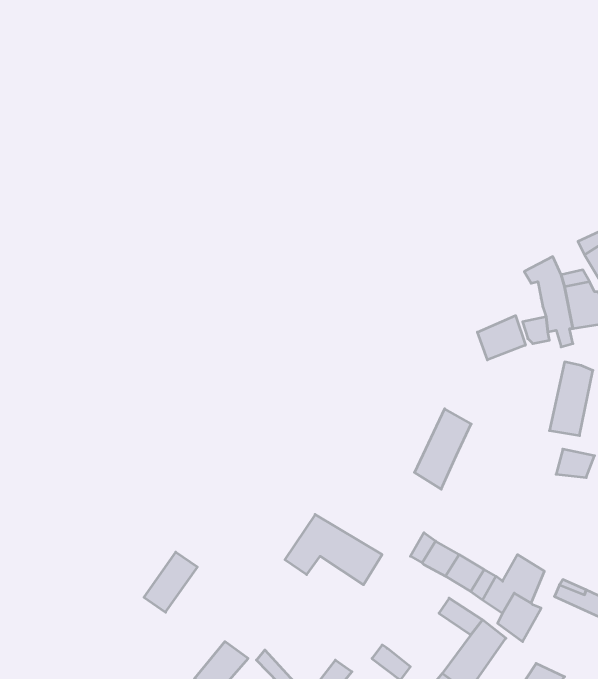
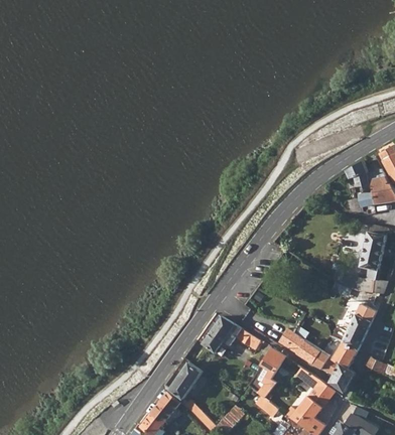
building: [477,316,525,360] -> none
building: [414,409,471,489] -> [342,302,376,350]
building: [144,552,197,612] -> [168,362,201,399]
building: none -> [257,348,284,397]

